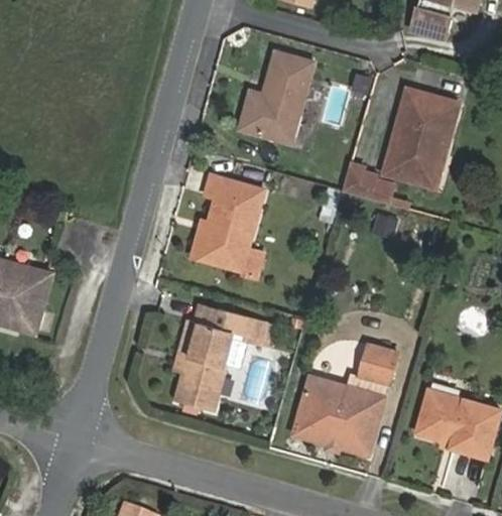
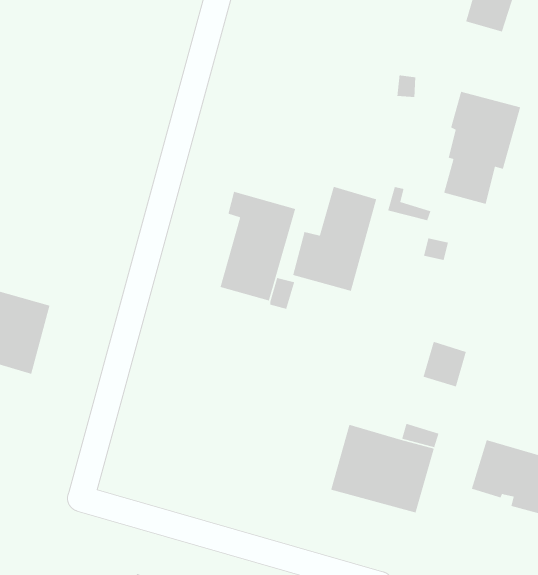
building: [239,51,312,143] -> [292,186,377,292]
building: [174,308,266,411] -> none
building: [359,344,397,384] -> [423,341,467,388]

